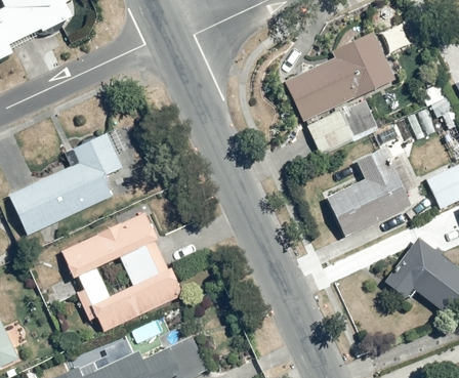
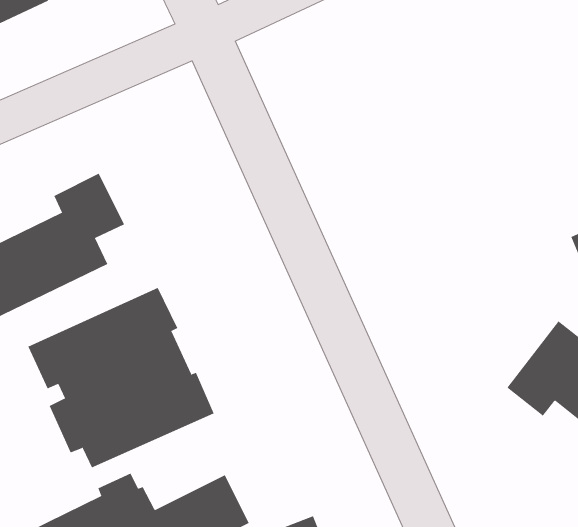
building: [284,29,395,157] -> none
building: [326,146,406,235] -> none

